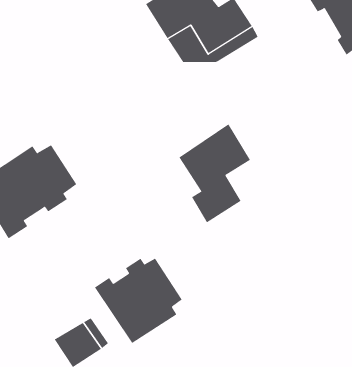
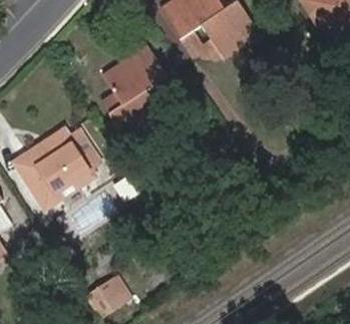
building: [178,124,251,223] -> [103,45,165,130]
building: [94,258,182,344] -> none

